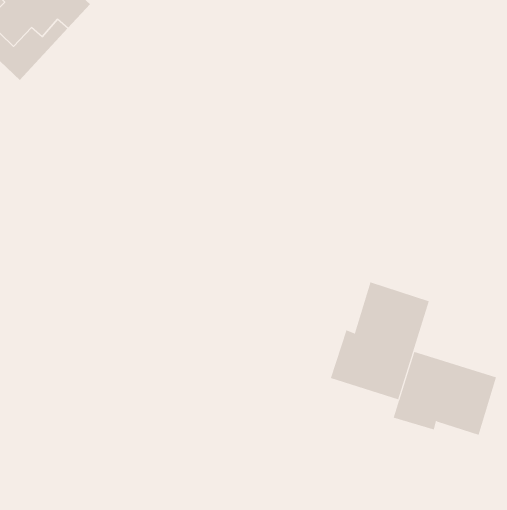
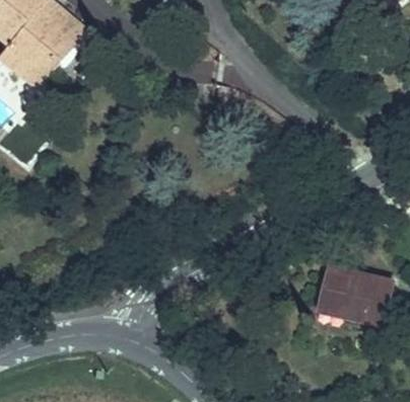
building: [330,281,429,400] -> none

